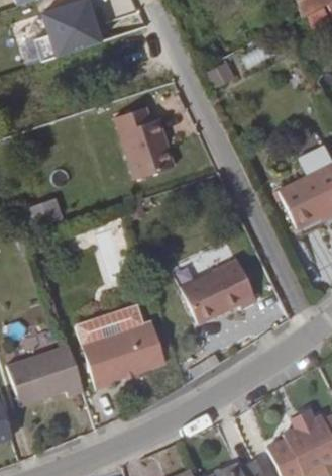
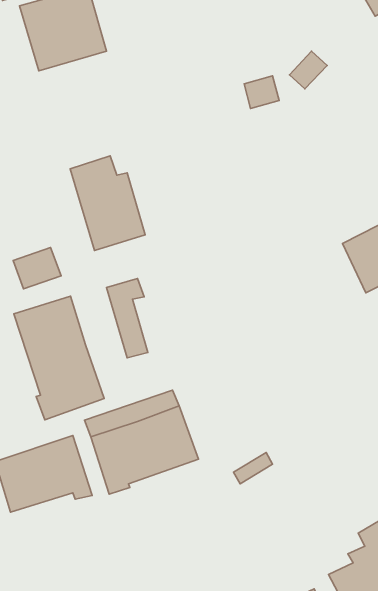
building: [116,108,175,182] -> [70,156,145,251]
building: none -> [14,296,104,420]
building: [183,261,259,326] -> none

